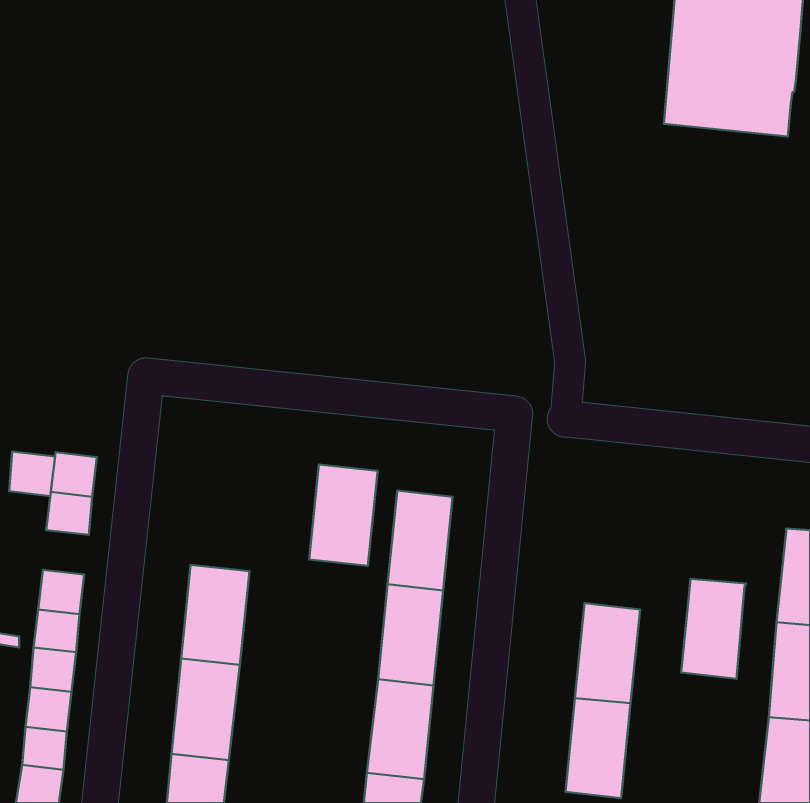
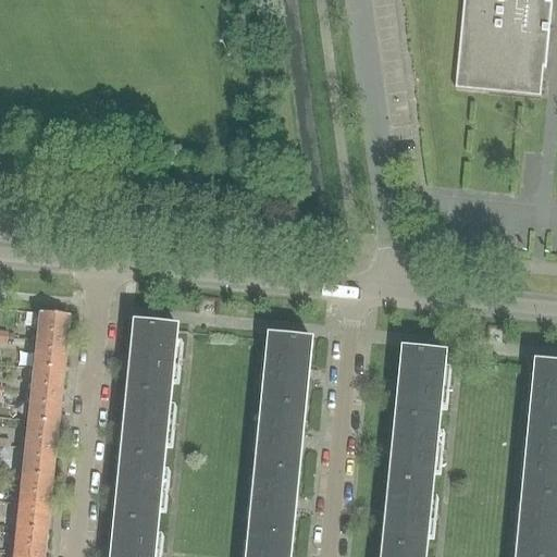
building: [9,452,55,496] -> [29,363,61,394]
building: [309,464,377,566] -> [131,322,177,392]
building: [681,579,746,679] -> [400,349,445,418]

